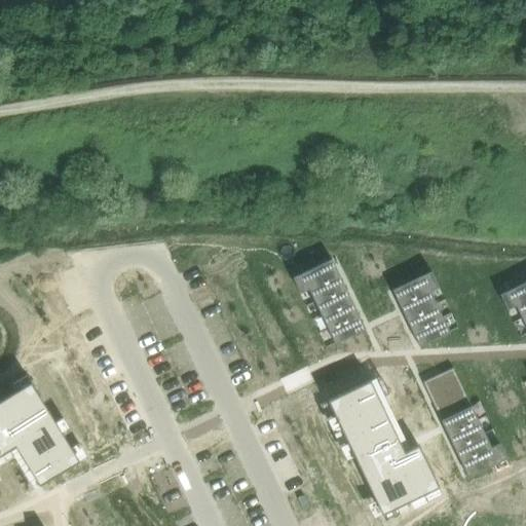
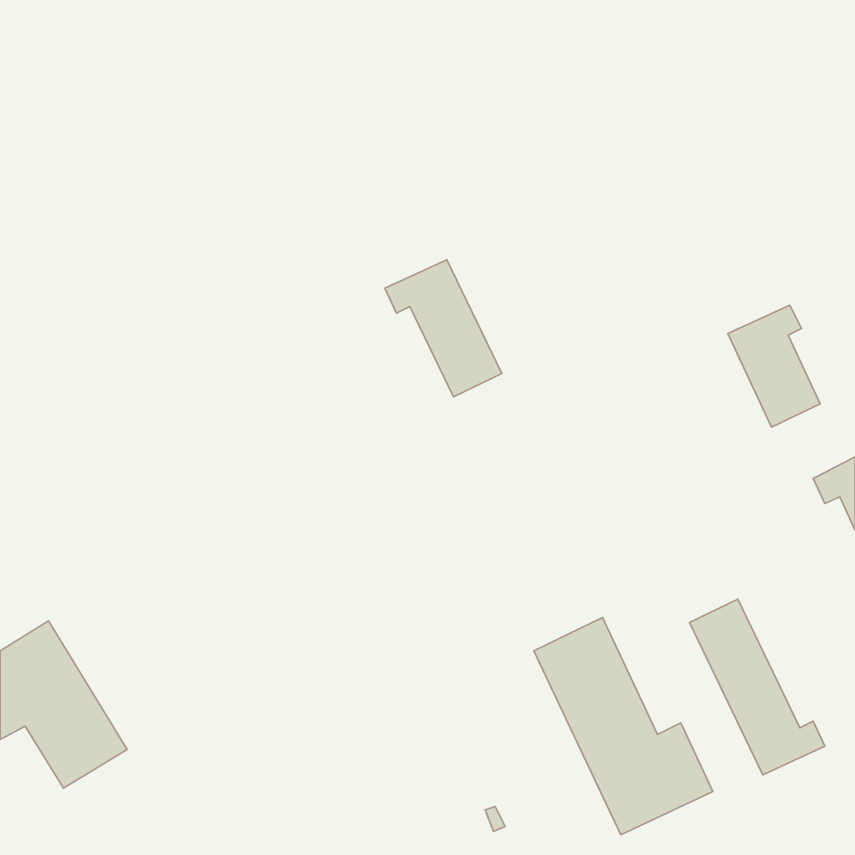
building: [293,259,365,343] -> [385,260,502,397]
building: [392,271,449,346] -> [728,305,820,427]

